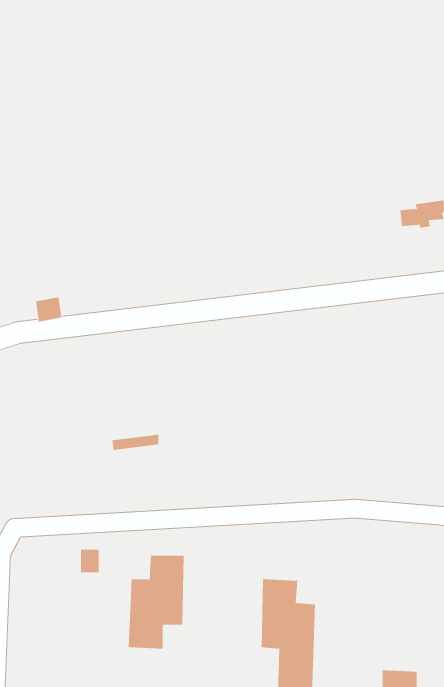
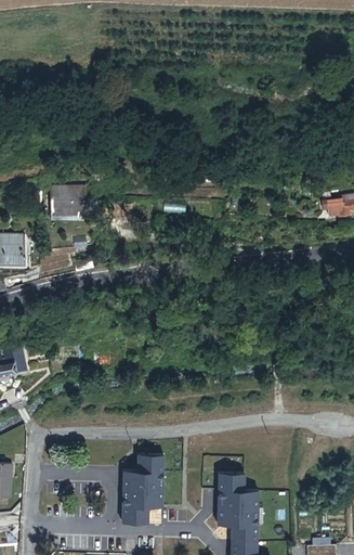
building: none -> [48,186,84,214]

